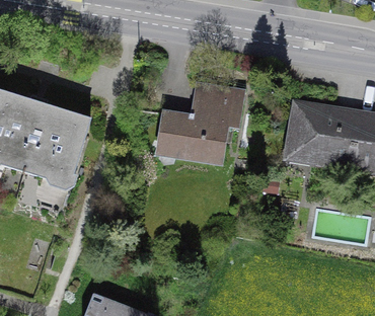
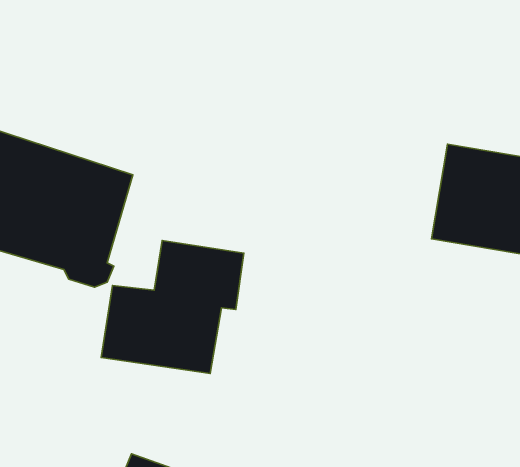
building: [155,81,245,165] -> [101,240,244,374]

